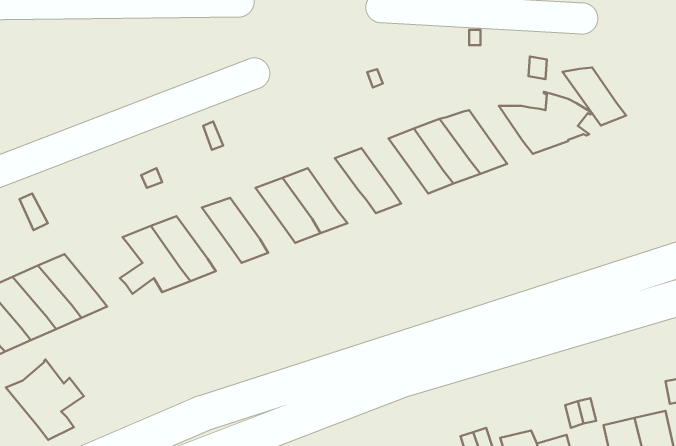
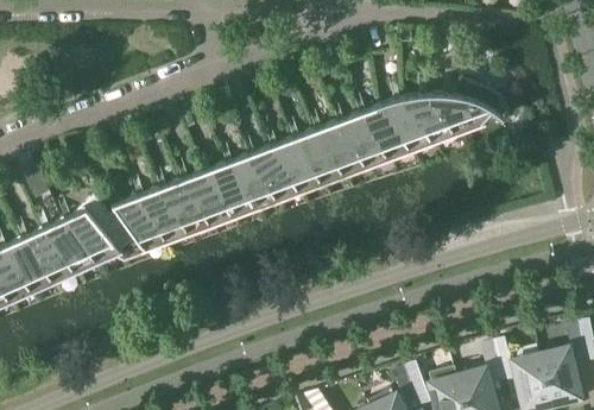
building: [563,68,626,125] -> [403,95,456,144]
building: none -> [312,122,368,177]
building: none -> [267,139,324,194]
building: none -> [202,164,257,219]
building: none -> [157,181,211,234]
building: [6,359,84,440] -> [63,196,128,264]

